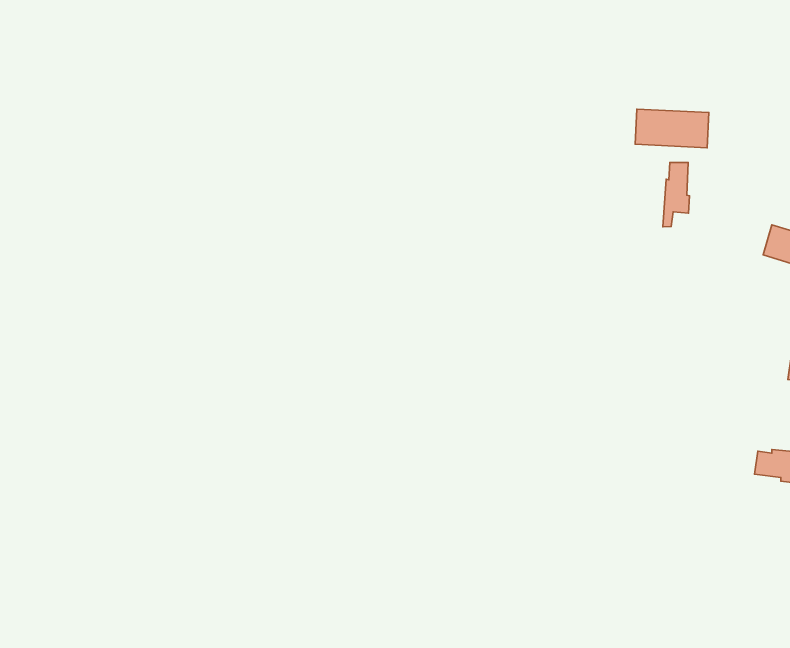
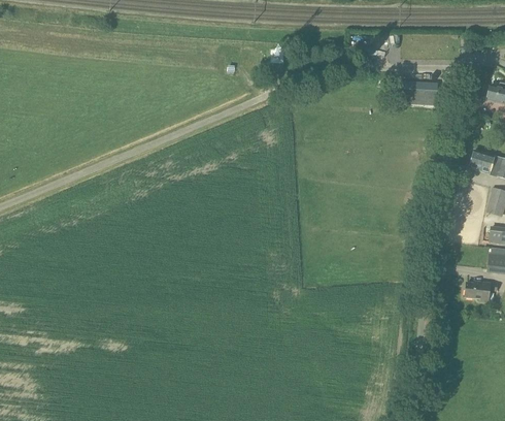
building: [663,162,689,227] -> none

